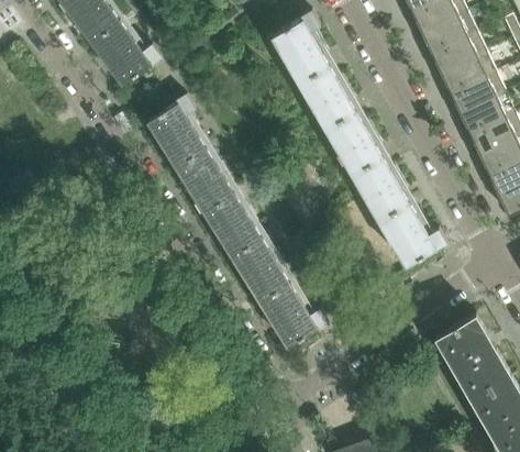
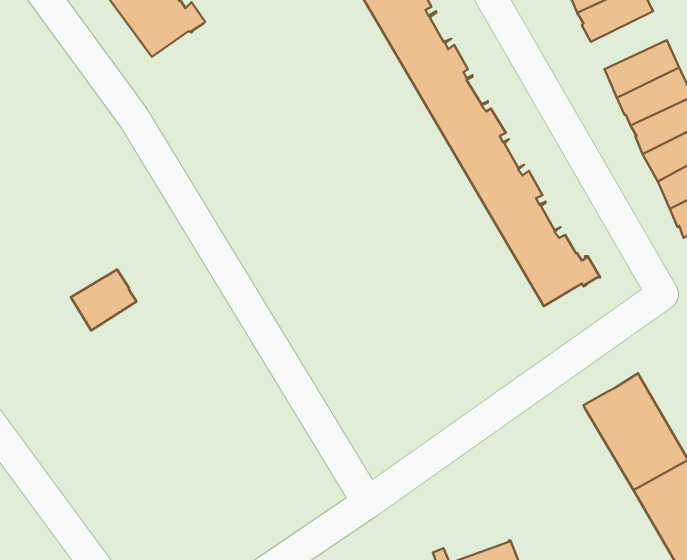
building: [440,52,495,93] -> none
building: [147,96,328,346] -> none
building: none -> [71,269,136,330]

